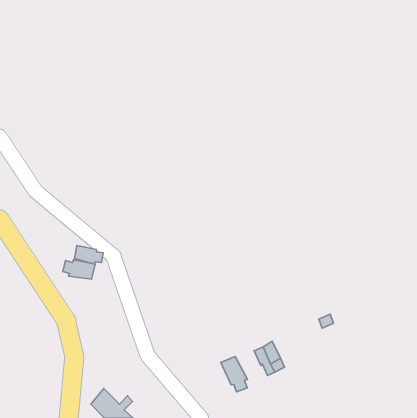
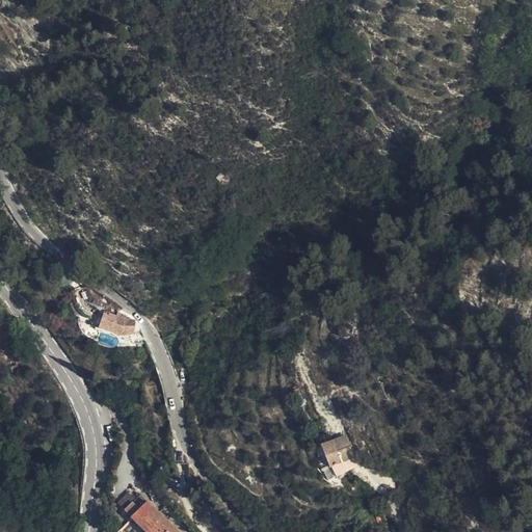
building: [63,260,95,279] -> none
building: [221,357,247,392] -> none

